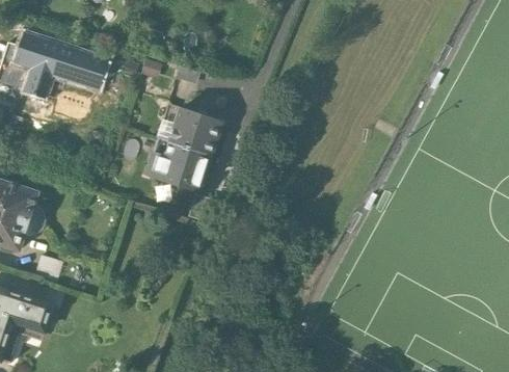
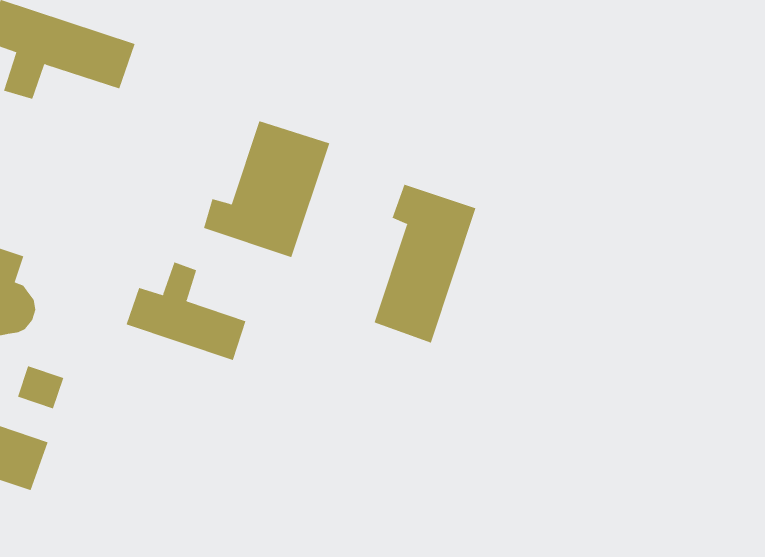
building: none -> [374,184,476,343]
building: none -> [126,261,246,361]

